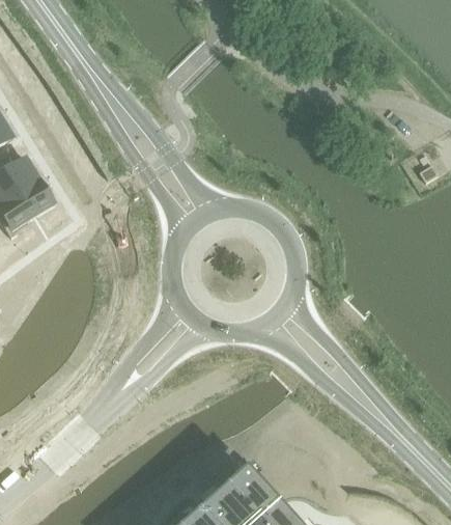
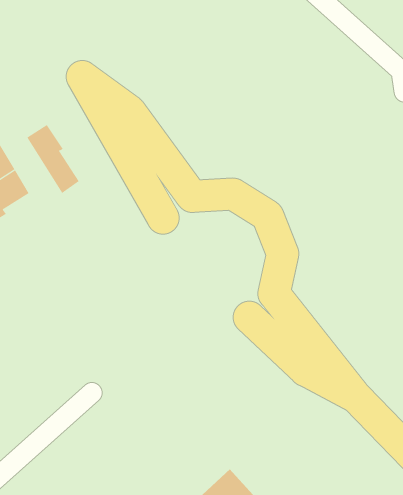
building: none -> [26,124,79,194]

